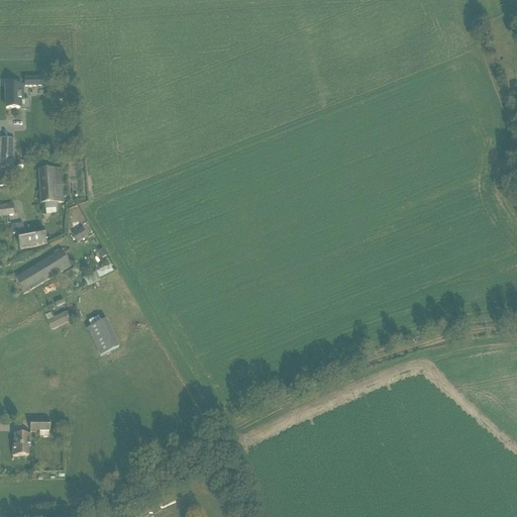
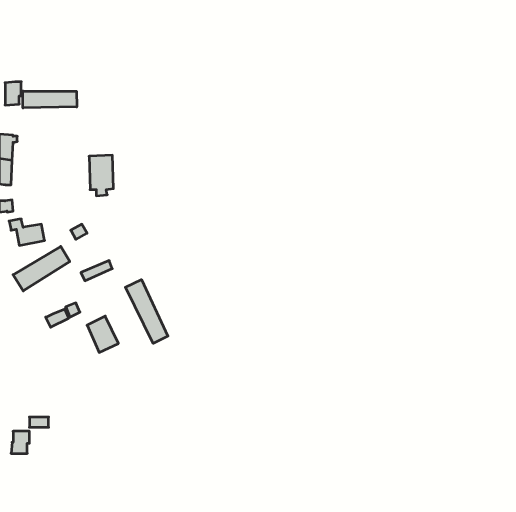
building: none -> [23,91,77,108]
building: [37,166,62,206] -> [89,155,113,196]
building: none -> [125,280,168,343]

